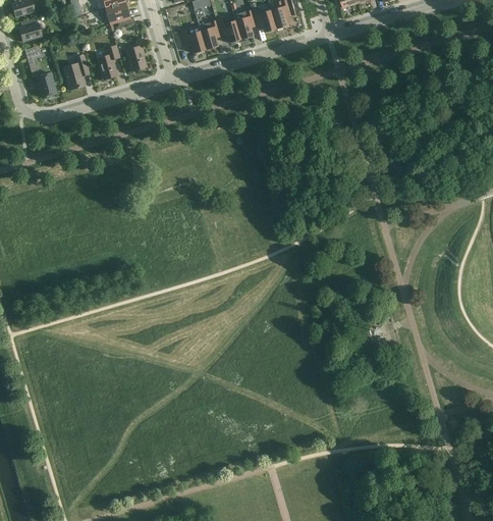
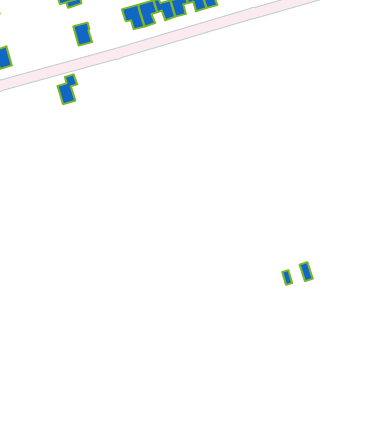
building: [97,45,119,79] -> [57,74,77,104]
building: [63,54,89,89] -> none

